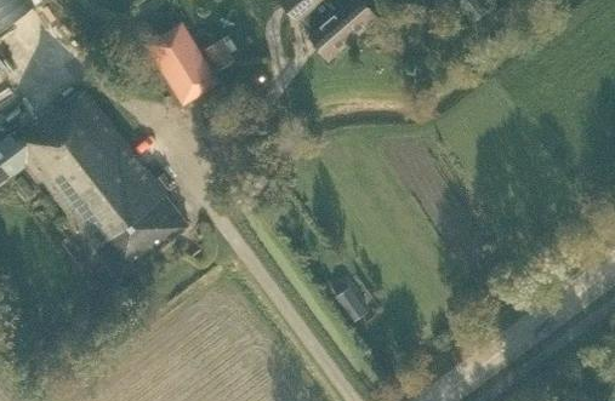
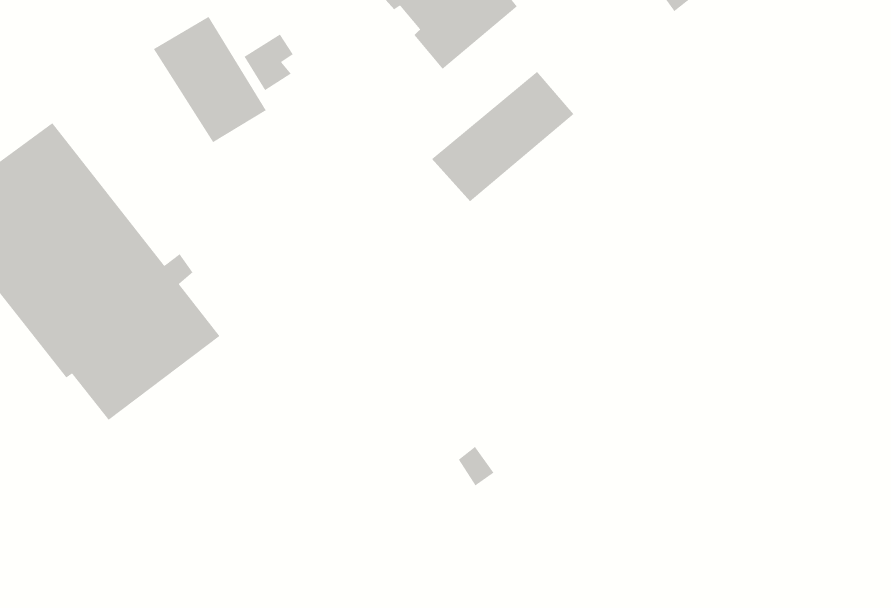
building: none -> [431,71,574,202]

